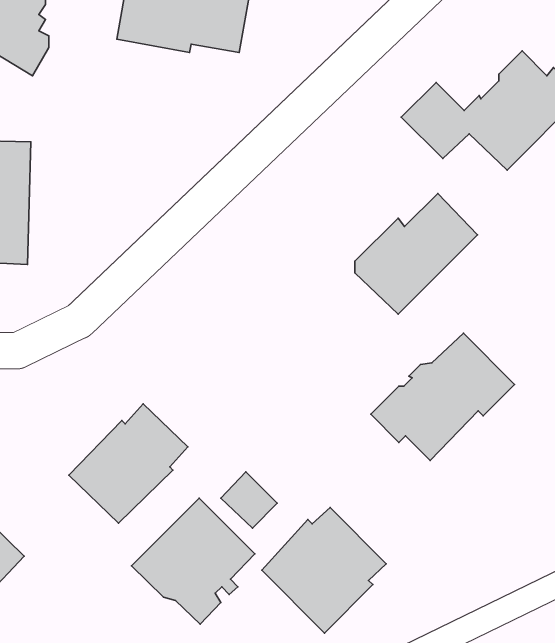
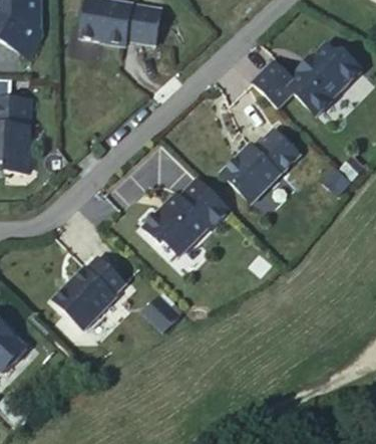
building: [371,333,515,461] -> [142,178,230,255]
building: [131,498,255,624] -> none
building: [262,507,386,633] -> none

